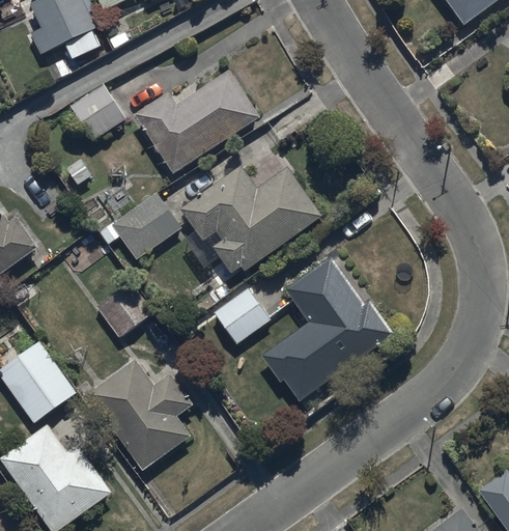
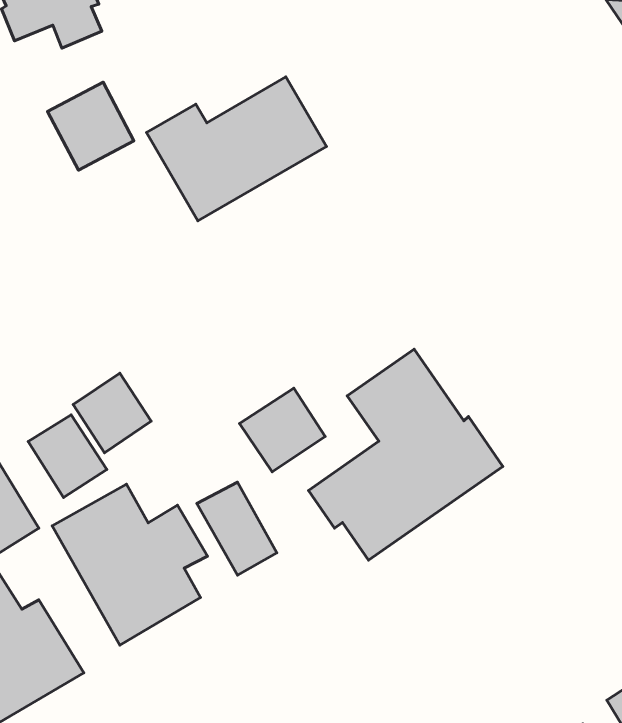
building: [180,165,322,272] -> none
building: [98,193,180,260] -> none
building: none -> [28,415,107,498]
building: none -> [197,482,277,575]

